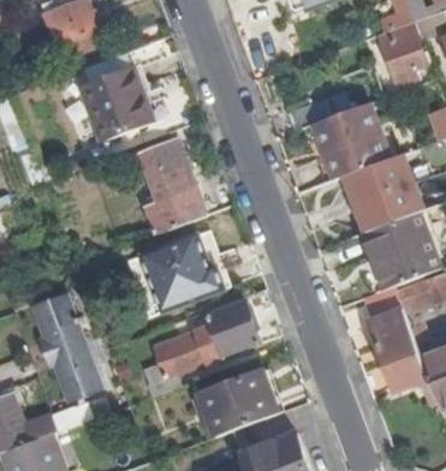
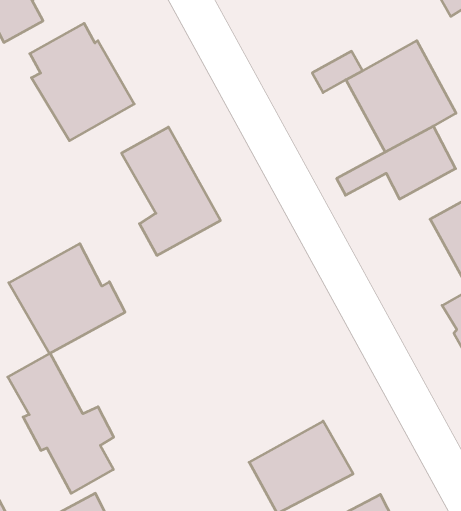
building: [142,229,225,308] -> [9,244,125,354]
building: [144,299,261,403] -> none

